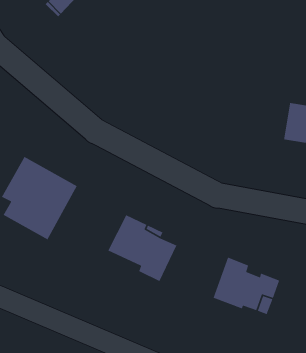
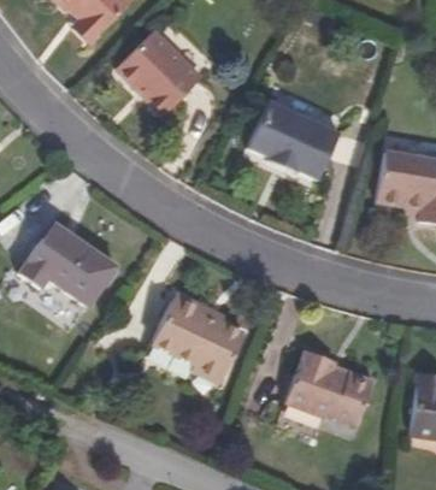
building: none -> [116,33,199,114]
building: none -> [248,101,338,181]

